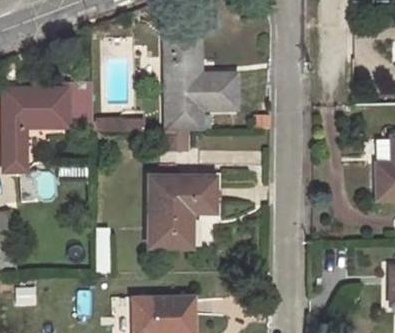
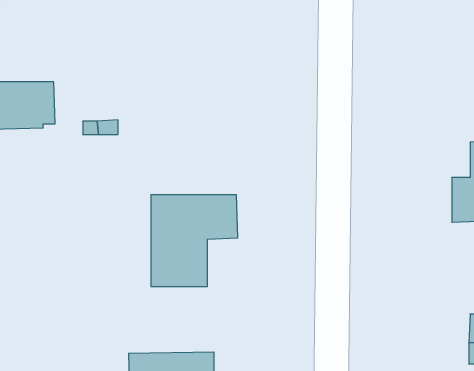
building: [164,36,233,131] -> none

